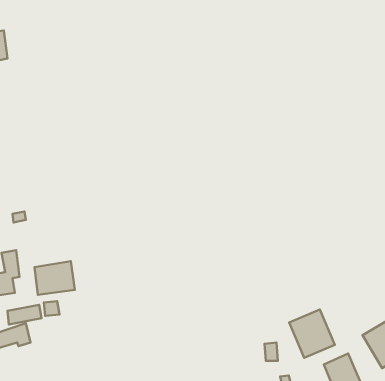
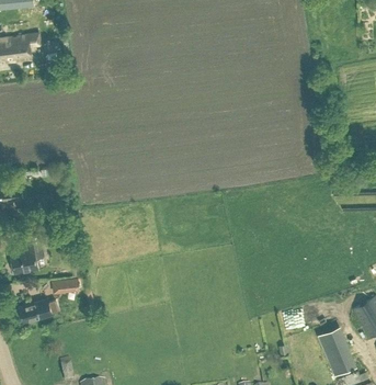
building: [35,261,75,295] -> none
building: [289,309,335,358] -> none

